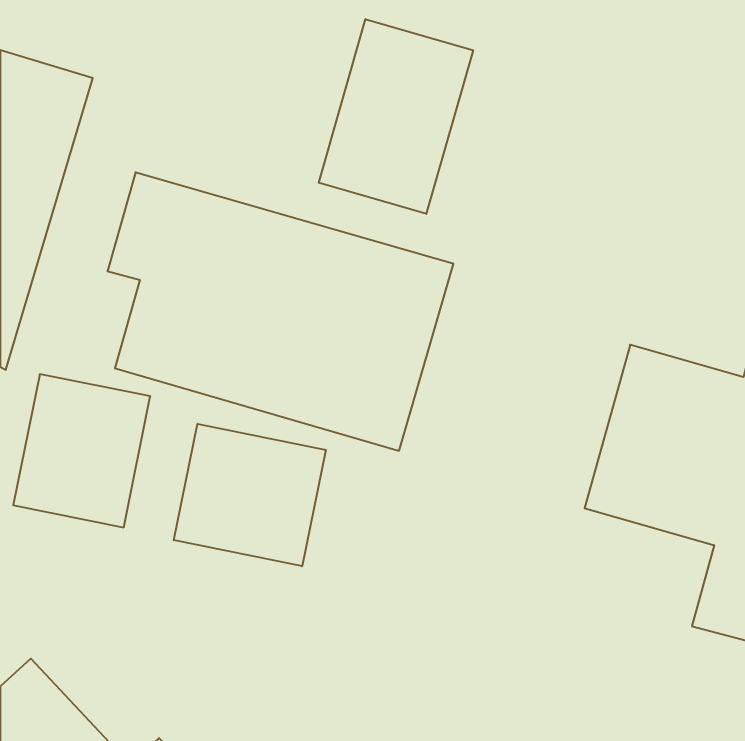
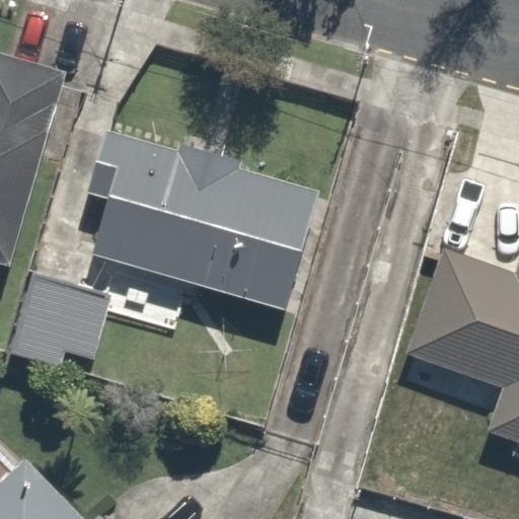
building: [319,19,473,214] -> none
building: [174,424,326,566] -> none

